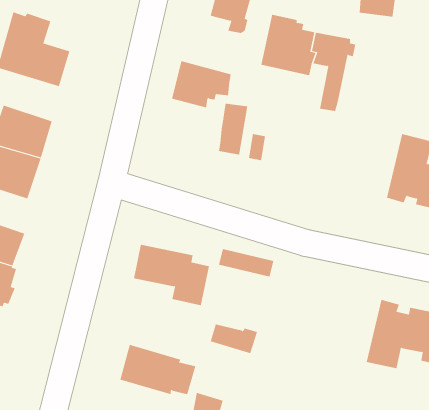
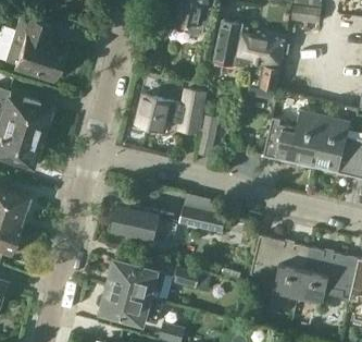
building: [171,60,231,108] -> [136,96,184,134]
building: none -> [264,111,326,168]
building: none -> [250,237,310,298]
building: none -> [110,261,166,296]

